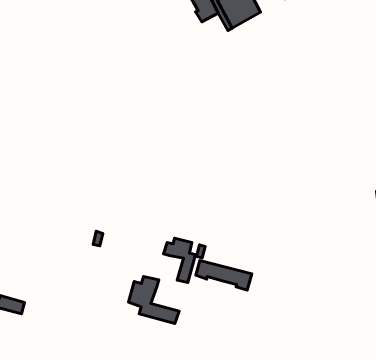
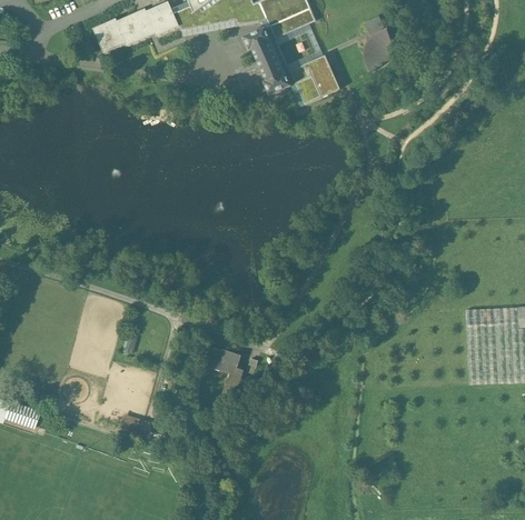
building: [196,261,252,290] -> none
building: [128,277,179,323] -> none

